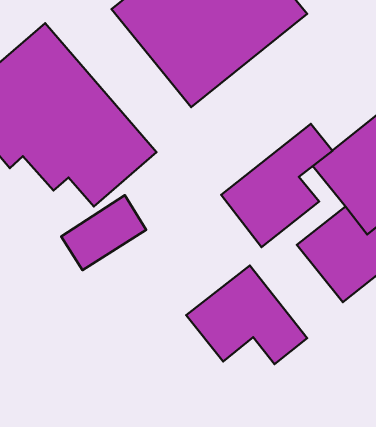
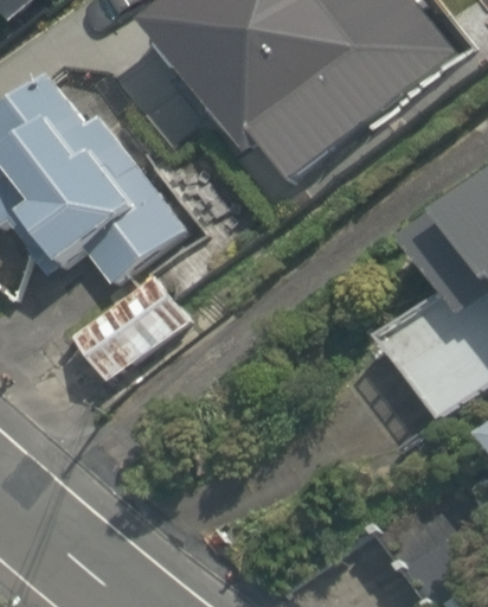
building: [221,124,332,247] -> none
building: [186,266,307,364] -> none

